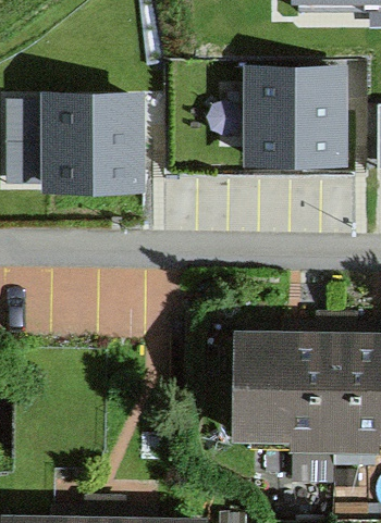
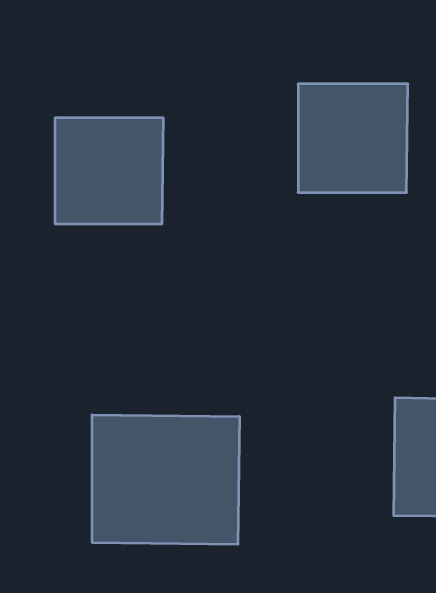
building: [235,336,334,435] -> none
building: none -> [92,415,239,544]

